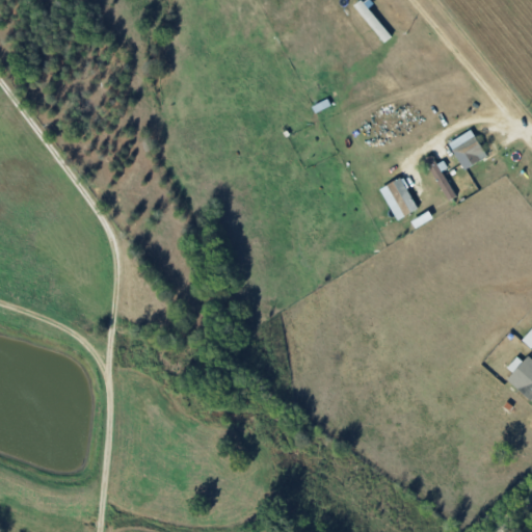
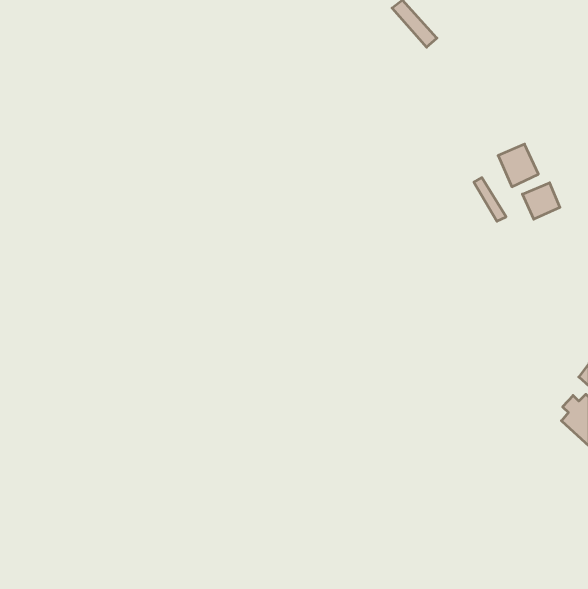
building: none -> [522,183,560,219]
building: [381,177,418,219] -> none

